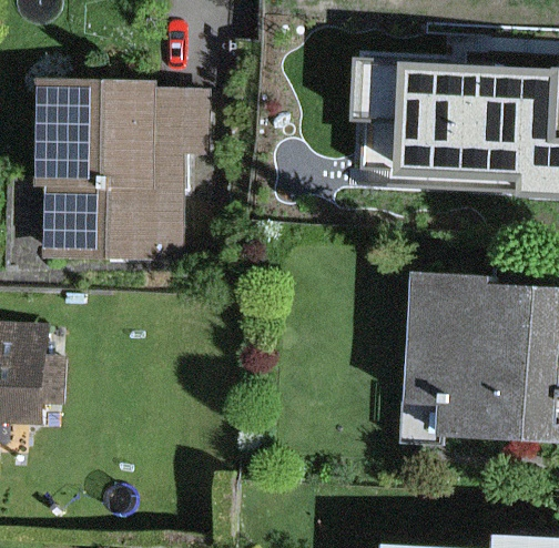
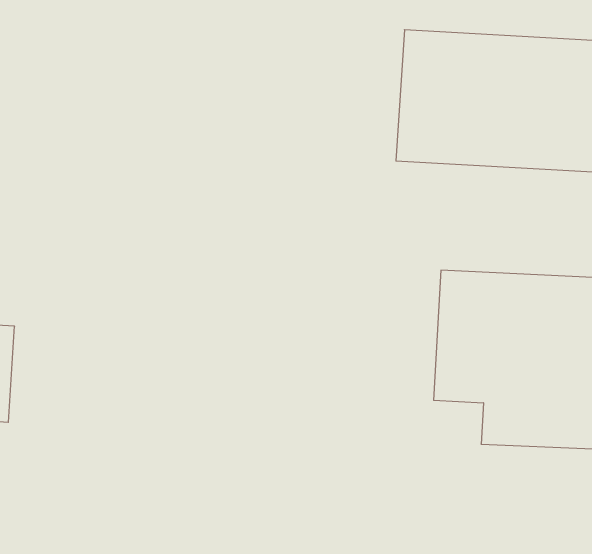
building: [47,91,197,252] -> none

